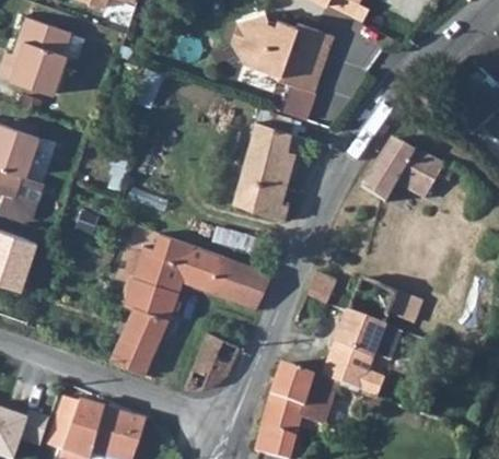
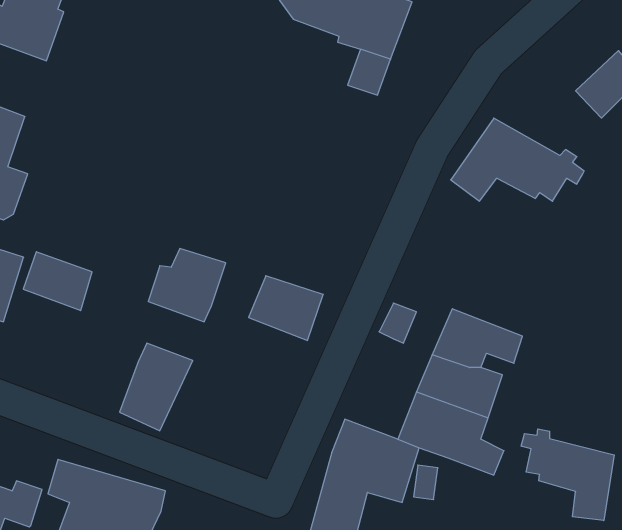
building: [231,121,302,220] -> none
building: [181,247,222,289] -> none
building: [123,276,175,321] -> [23,252,92,311]
building: [182,331,239,387] -> none
building: none -> [521,429,614,521]

